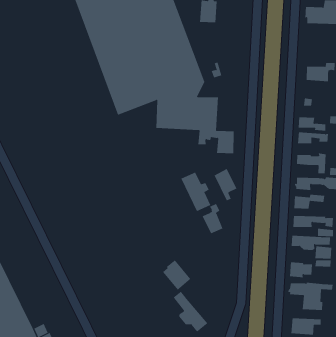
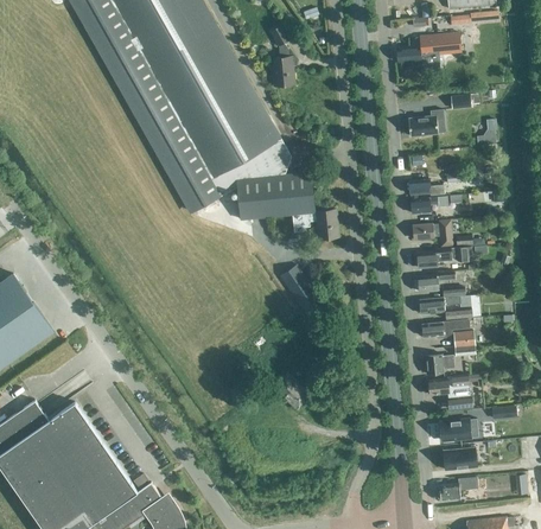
building: [214,168,237,201] -> none
building: [202,203,223,234] -> none
building: [173,291,208,333] -> none

